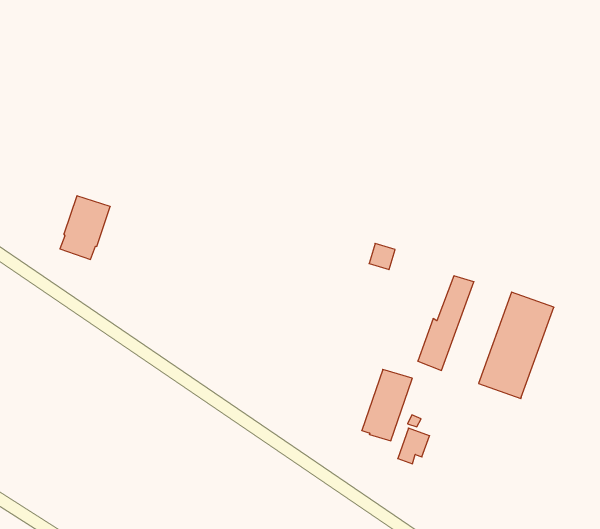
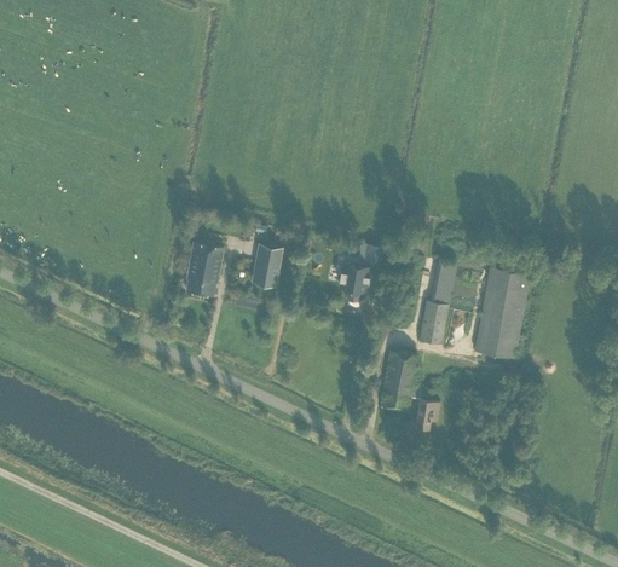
building: [60,196,110,259] -> [185,244,223,297]
building: none -> [252,244,283,288]
building: none -> [345,267,368,302]

